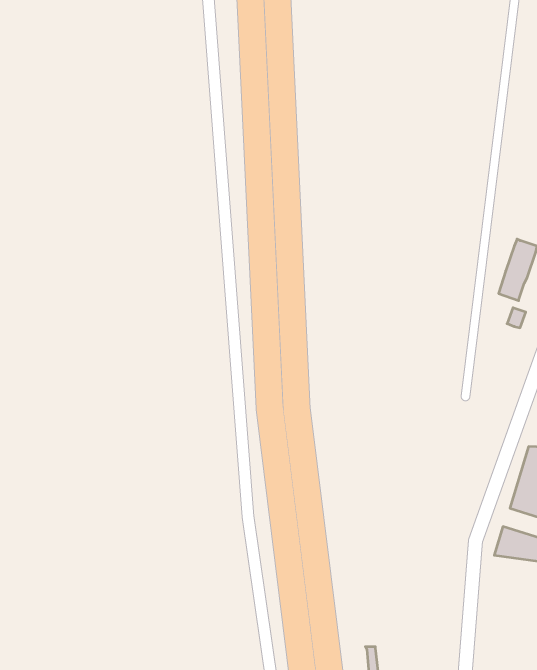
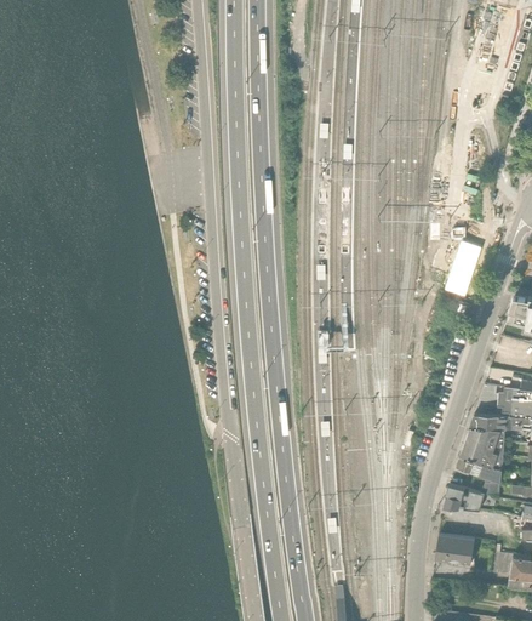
building: none -> [435,535,473,563]

